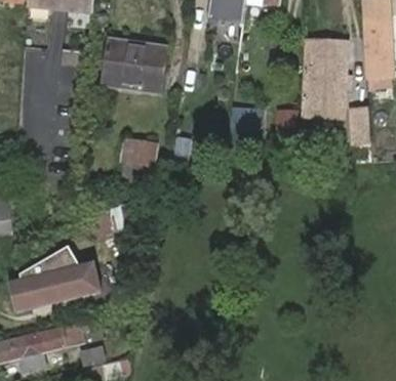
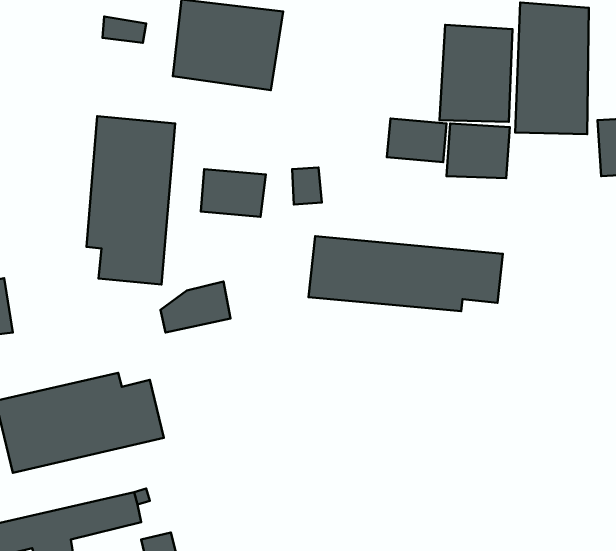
building: none -> [439,25,512,122]
building: none -> [86,116,175,284]
building: none -> [308,236,503,311]

